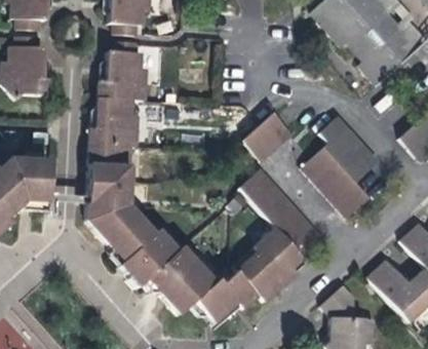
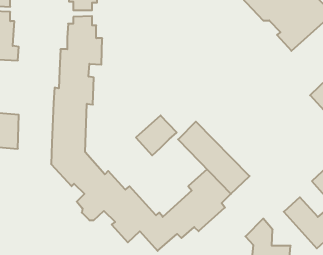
building: [243,113,293,161] -> [136,115,177,155]
building: [302,125,379,217] -> none

